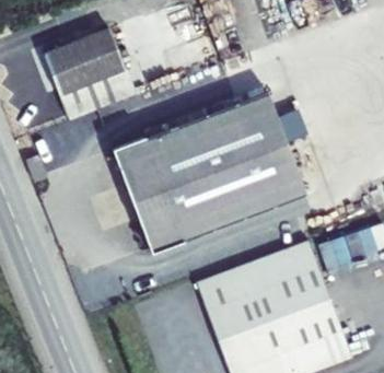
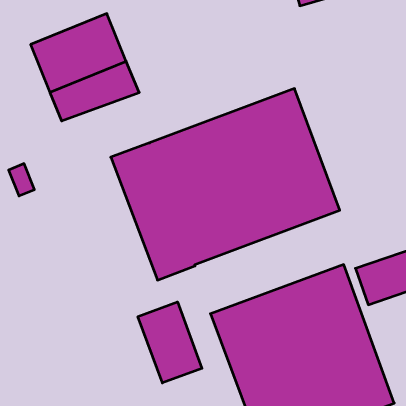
building: none -> [138,302,202,383]

